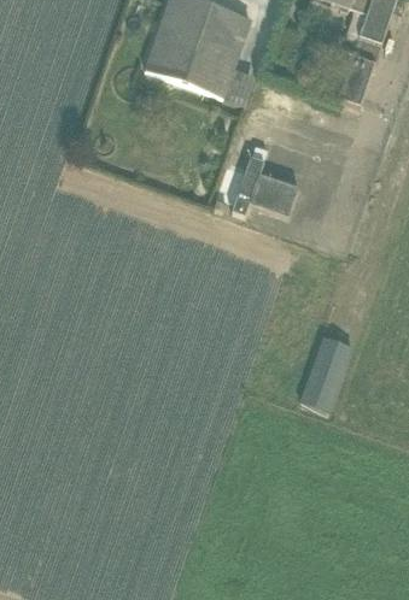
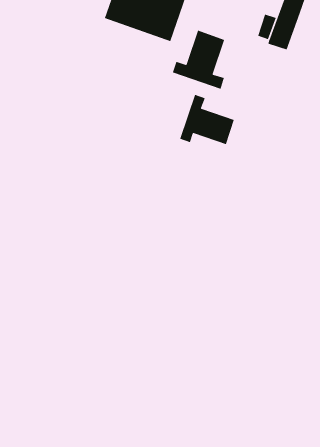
building: none -> [172,30,225,90]
building: [300,334,352,408] -> none

